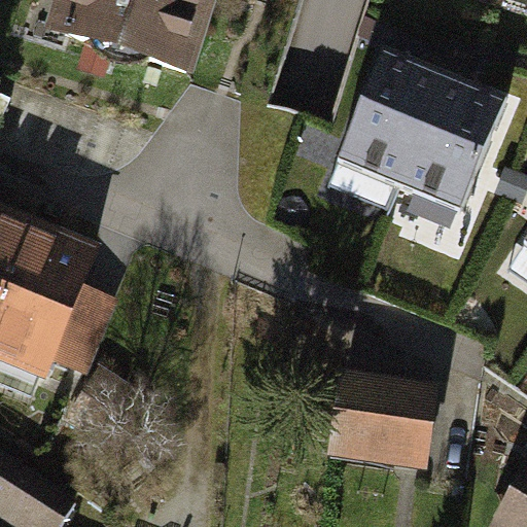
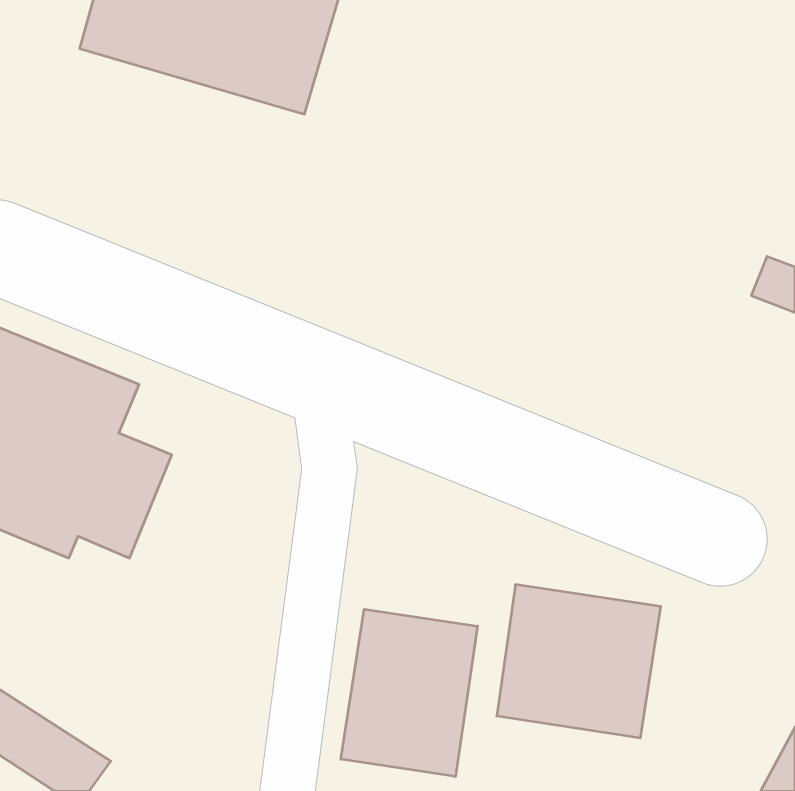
building: [333,45,503,211] -> none
building: none -> [341,609,478,777]

